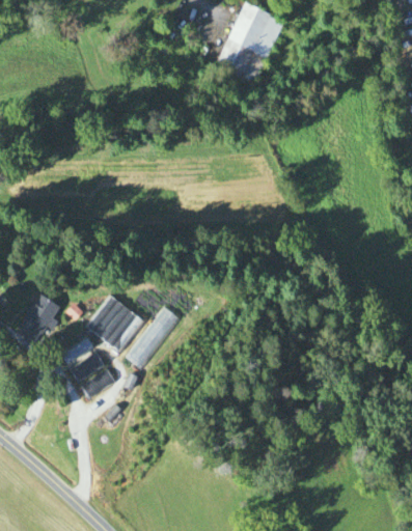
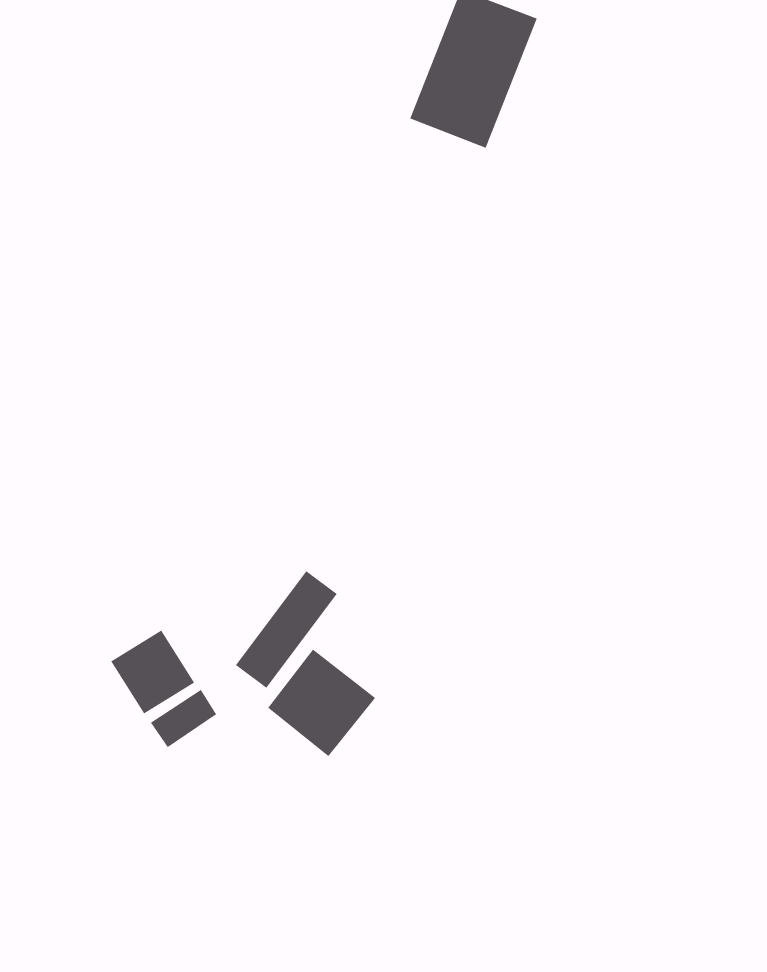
building: [15,292,58,343] -> none
building: [86,295,143,352] -> [267,649,376,757]

